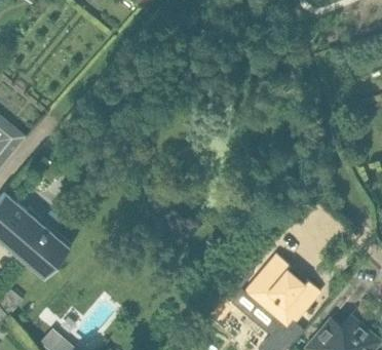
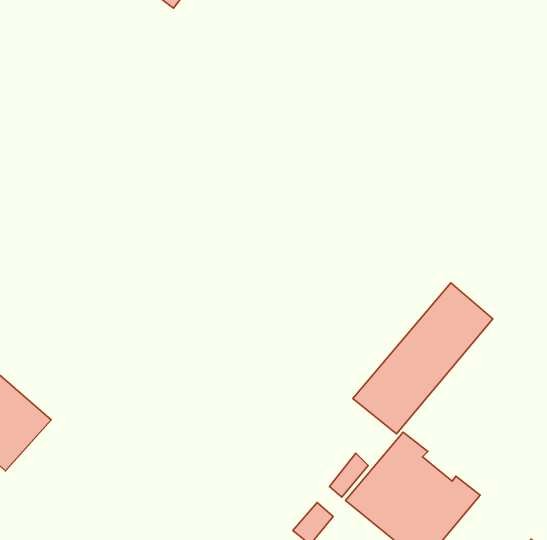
building: none -> [353,283,493,434]

